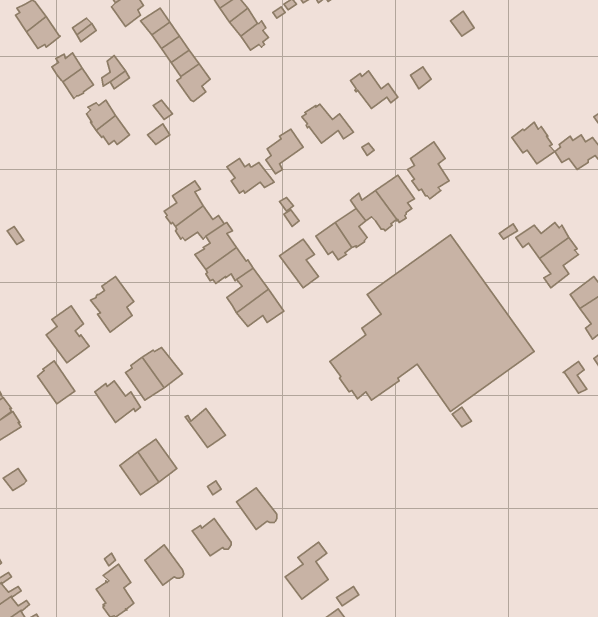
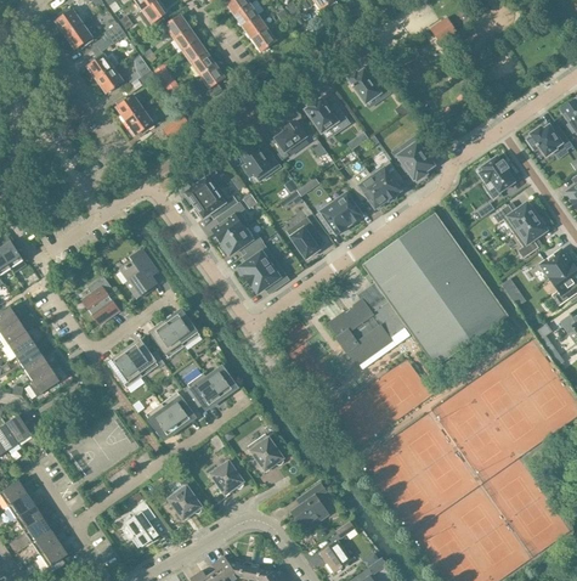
building: [512,122,555,164] -> [477,157,515,193]
building: [37,361,75,404] -> [109,350,142,388]
building: none -> [182,372,222,408]

